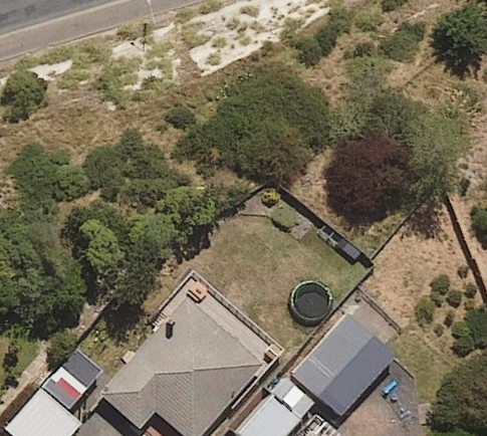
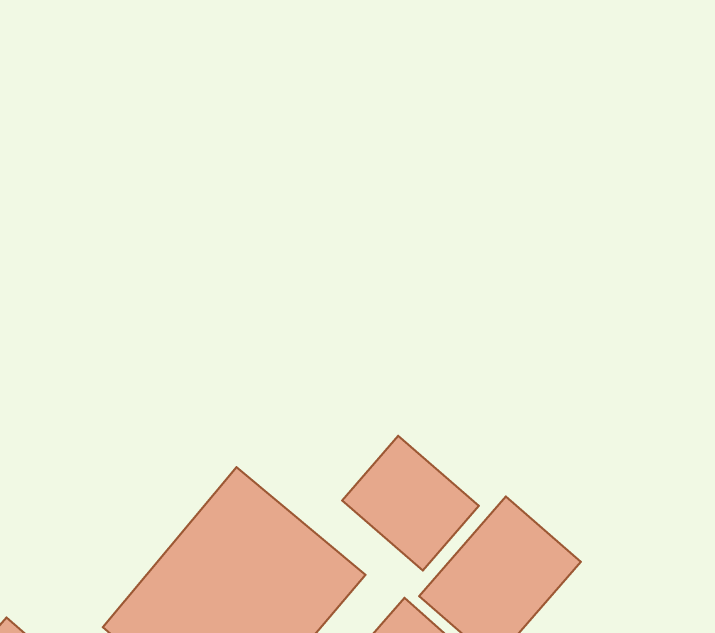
building: none -> [342,436,479,570]

